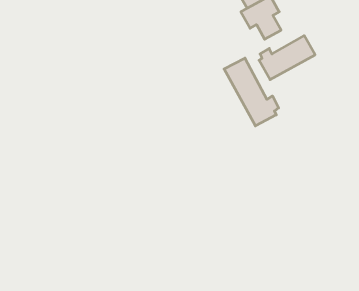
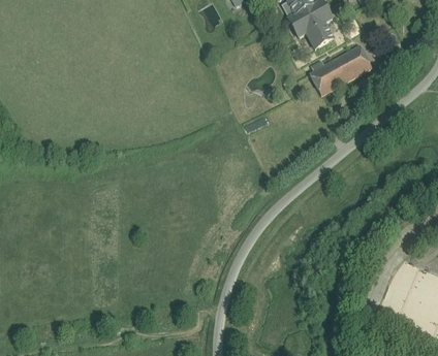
building: [224,58,279,126] -> none

